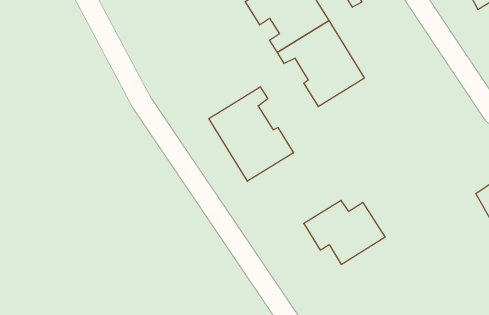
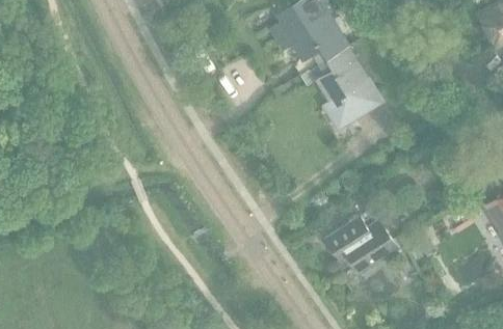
building: [209,87,294,181] -> none

